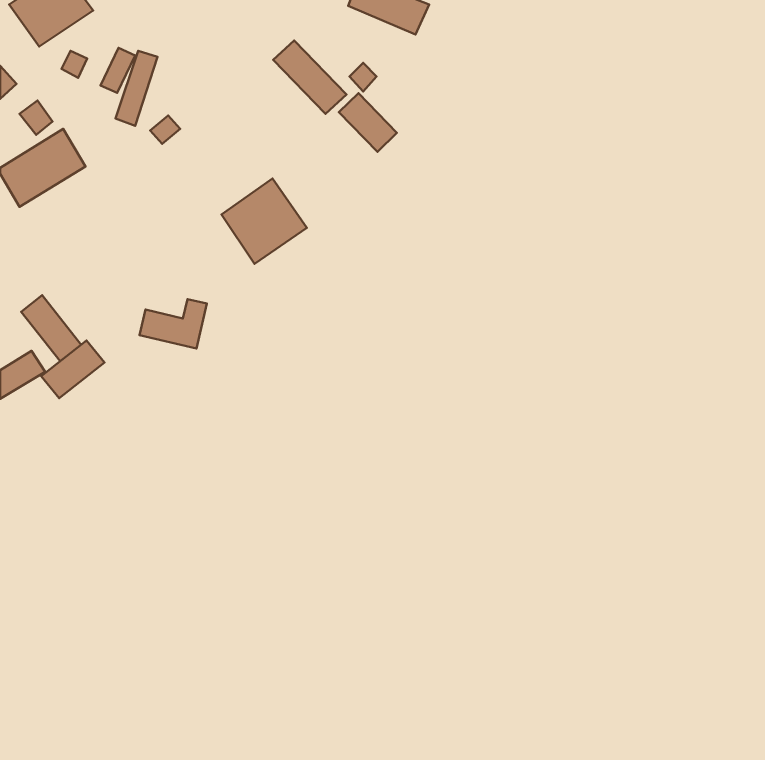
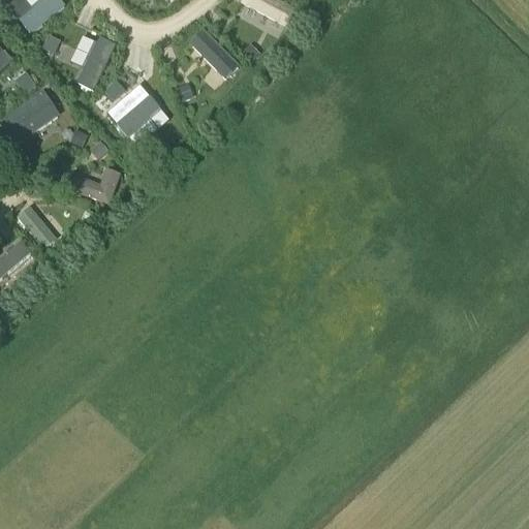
building: [339,93,397,152] -> none
building: [221,179,307,264] -> [107,83,166,142]
building: [139,299,207,349] -> [72,167,119,201]
building: [41,340,105,398] -> none

